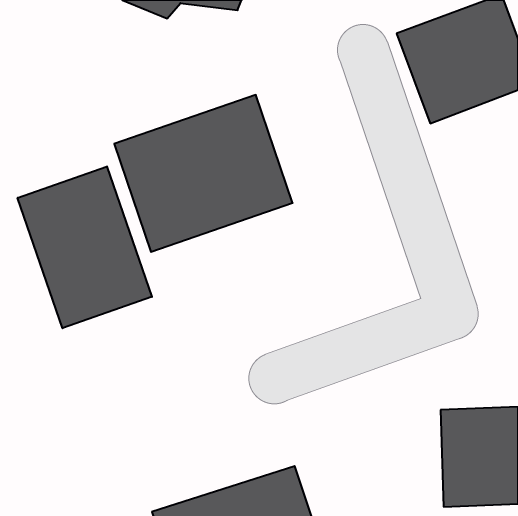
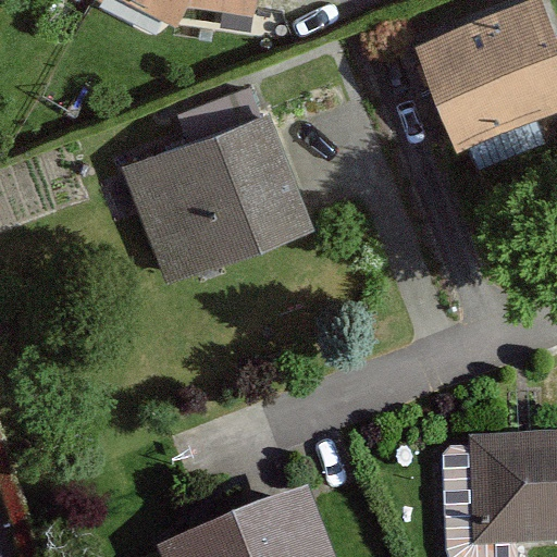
building: [18,166,152,328] -> none

